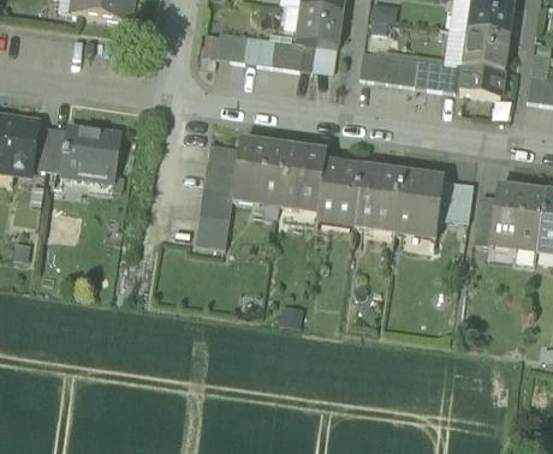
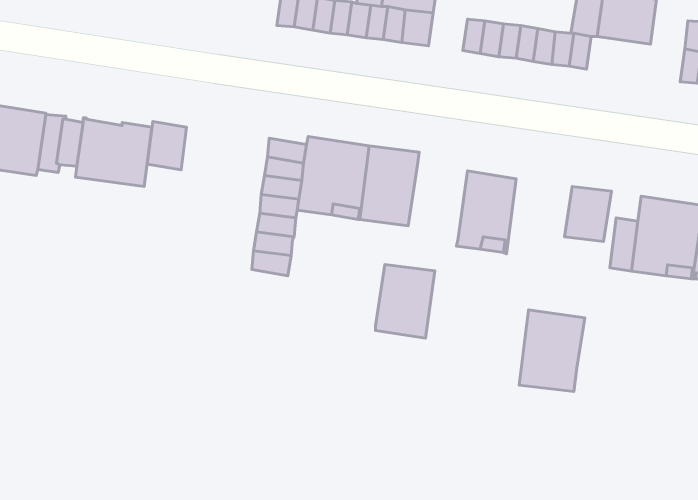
building: [460,65,505,97] -> none
building: none -> [147,122,187,170]
building: [319,163,364,220] -> [376,265,435,338]
building: [394,174,445,237] -> [519,310,585,391]

